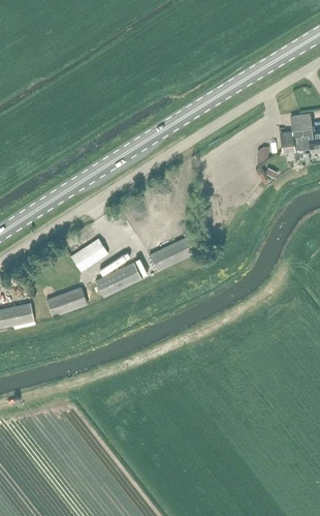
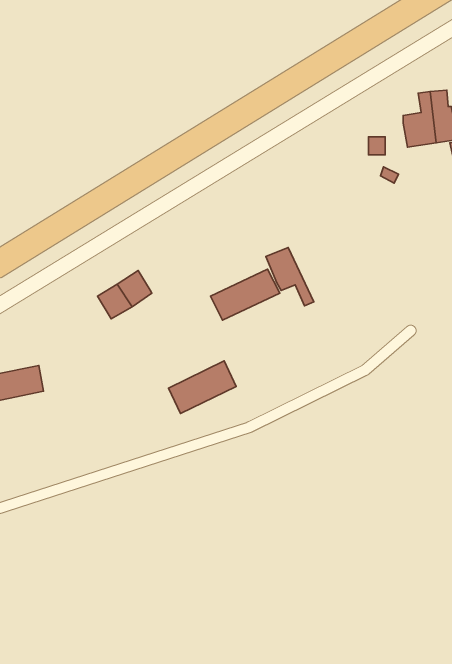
building: none -> [266,247,314,306]
building: [95,261,141,297] -> [169,361,236,414]
building: [45,286,86,316] -> none

